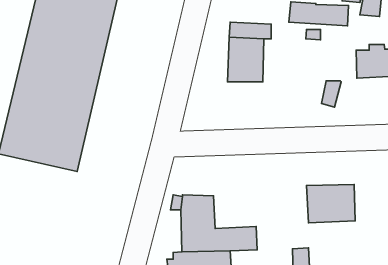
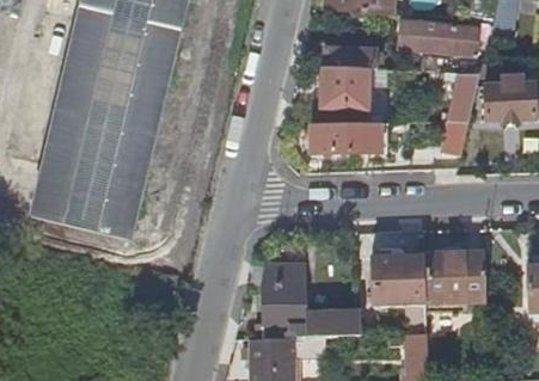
building: none -> [445,68,479,119]
building: none -> [311,121,380,148]
building: none -> [370,253,425,303]

